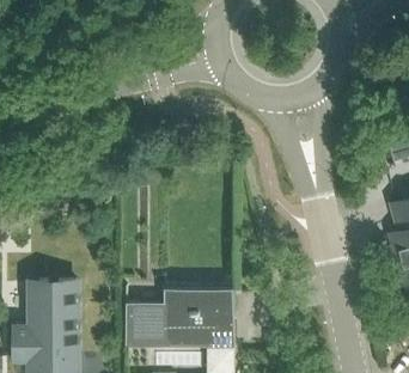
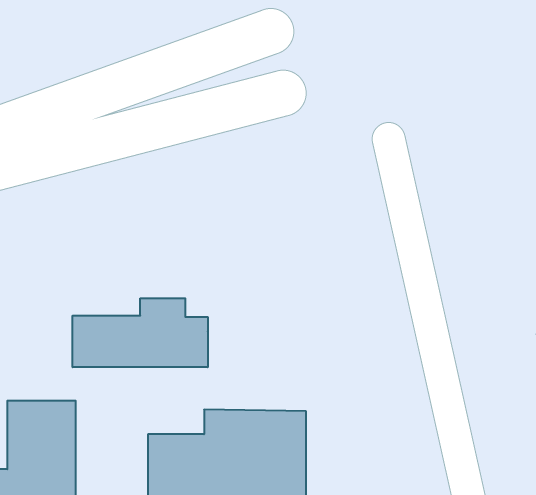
building: none -> [73,298,208,367]

